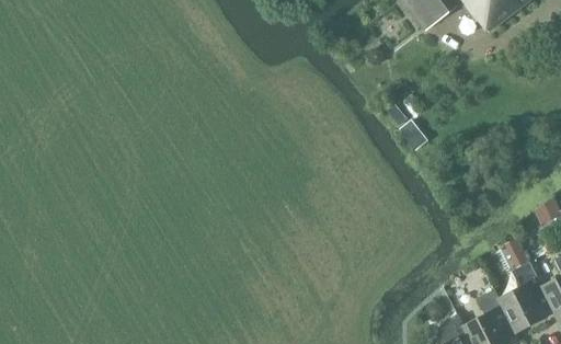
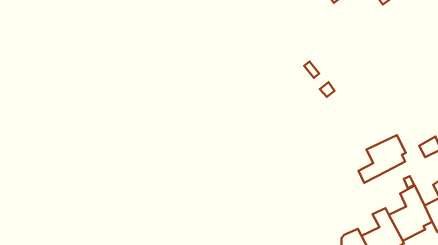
building: none -> [359,135,406,183]

